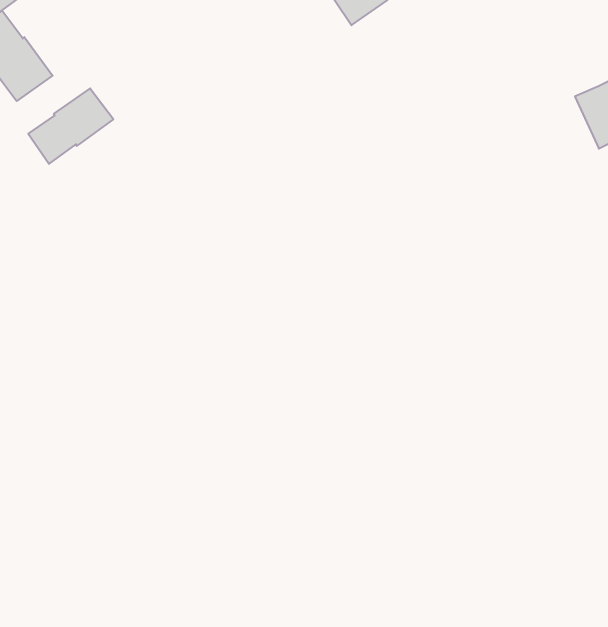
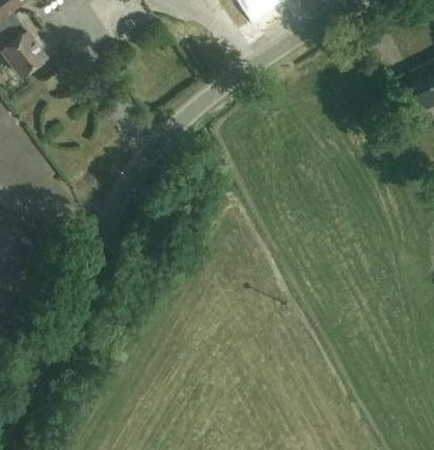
building: [28,88,113,164] -> none

